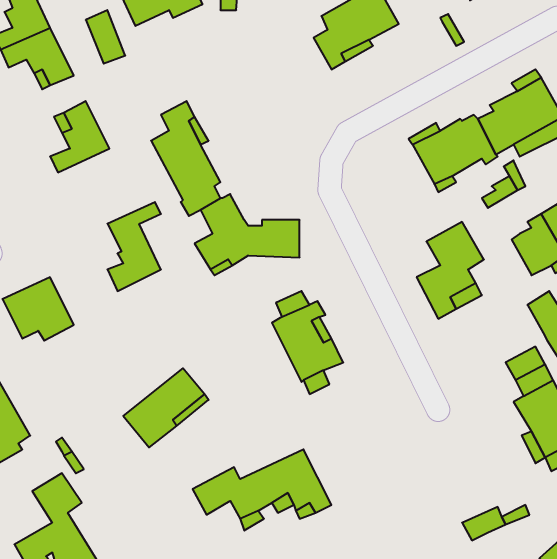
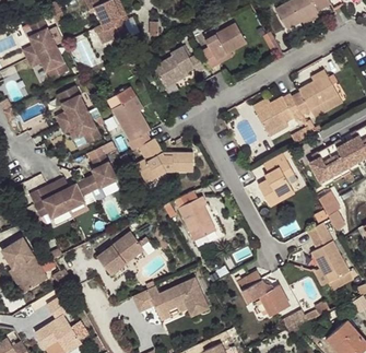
building: none -> [153,46,205,87]
building: none -> [59,113,99,143]
building: none -> [55,179,92,210]
building: none -> [236,270,290,316]

